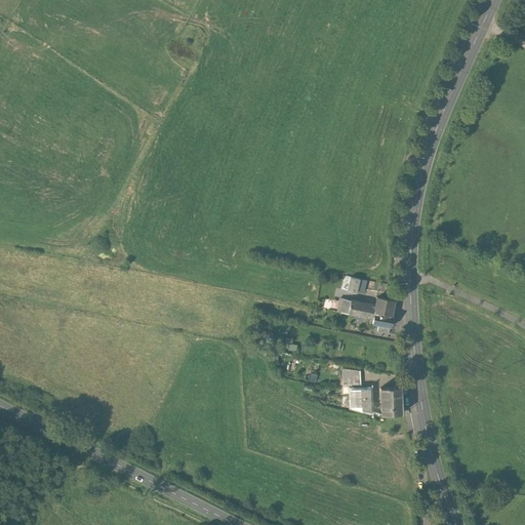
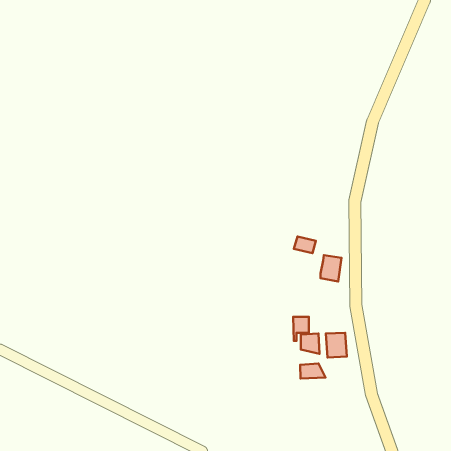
building: [336,297,375,318] -> none
building: none -> [300,364,325,379]

